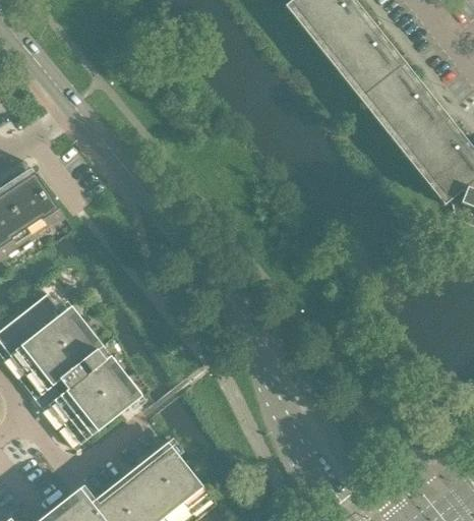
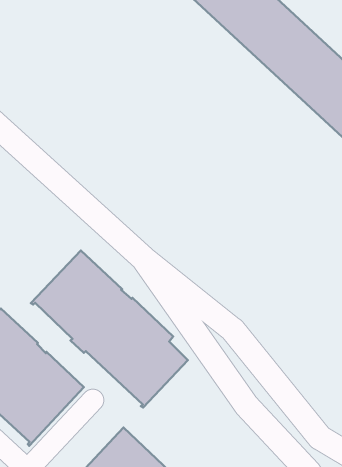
building: none -> [31,250,188,408]

